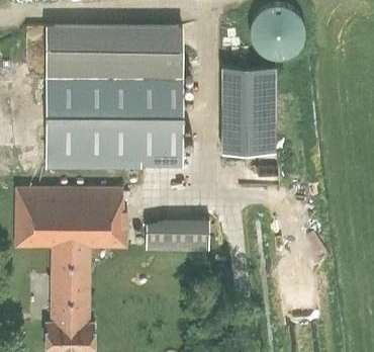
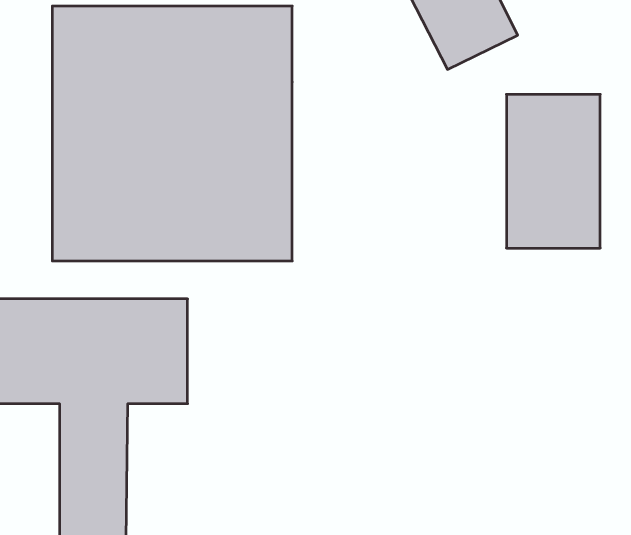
building: [222,69,275,155] -> [506,94,600,248]
building: [147,219,209,247] -> none

